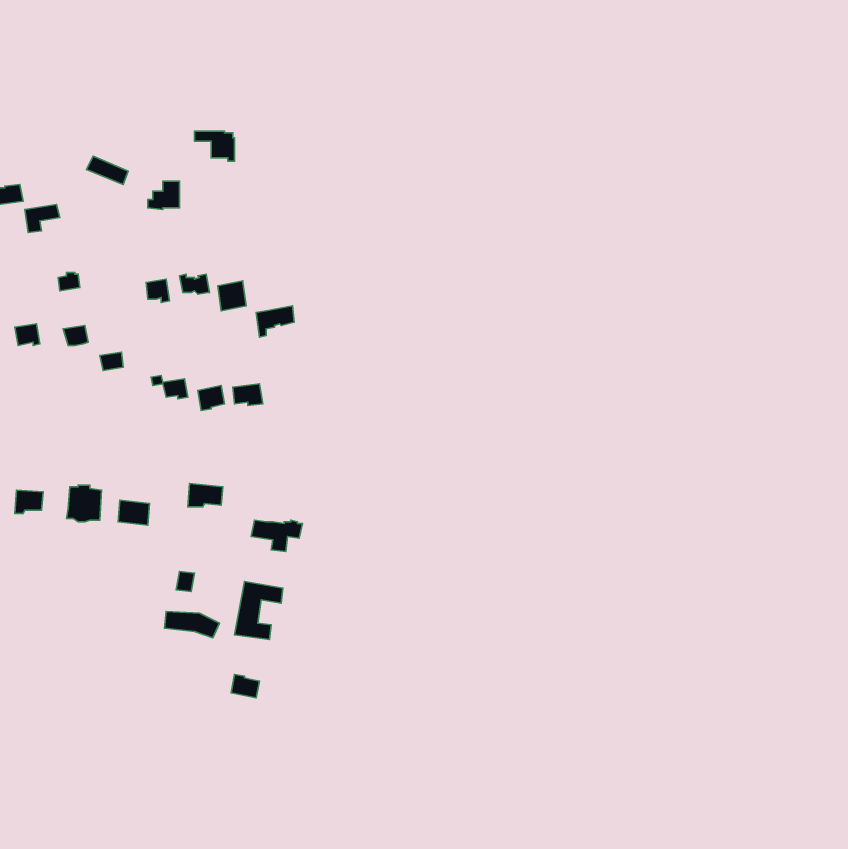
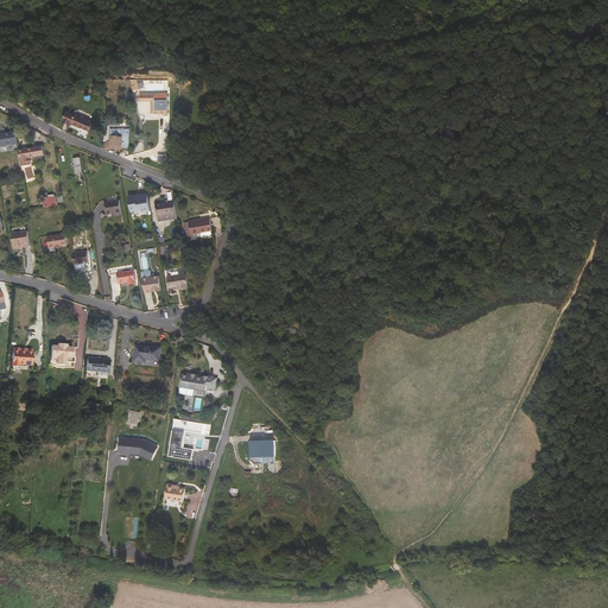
building: none -> [247,442,272,464]

